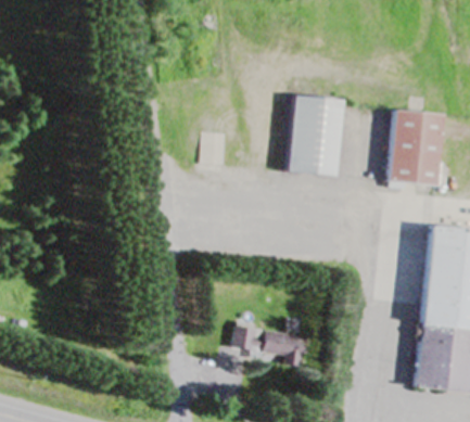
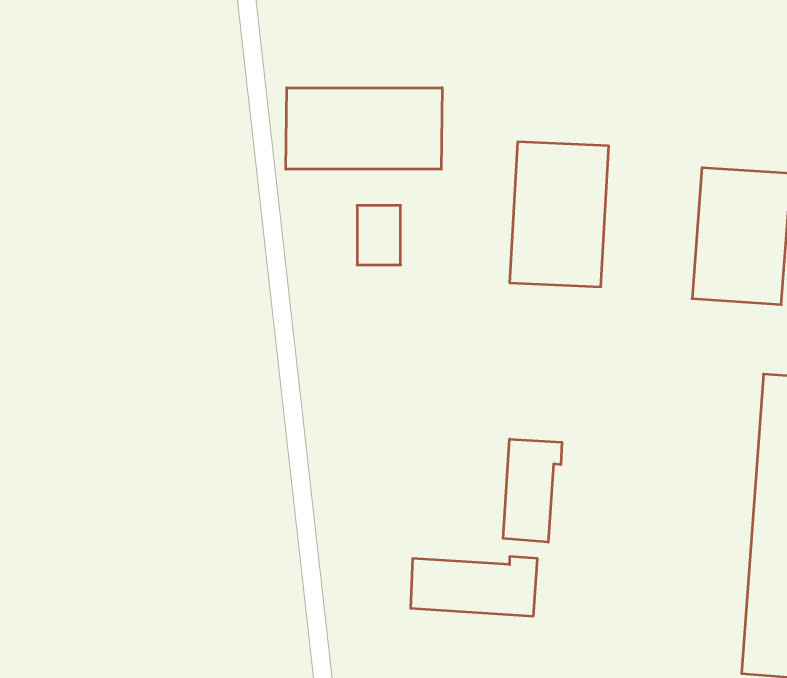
building: none -> [286,88,442,169]
building: none -> [503,439,562,542]

